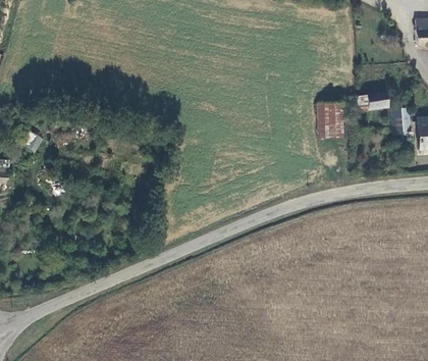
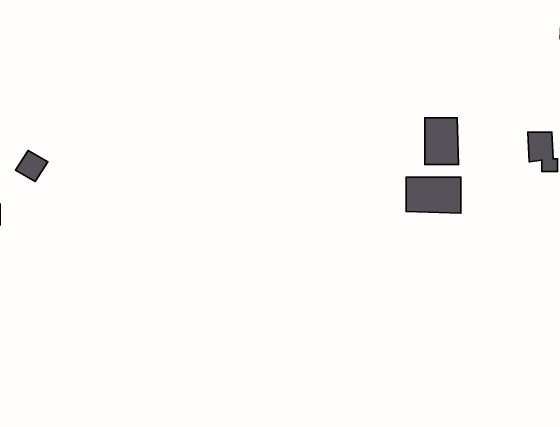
building: [357,93,386,110] -> none
building: none -> [406,177,461,213]

